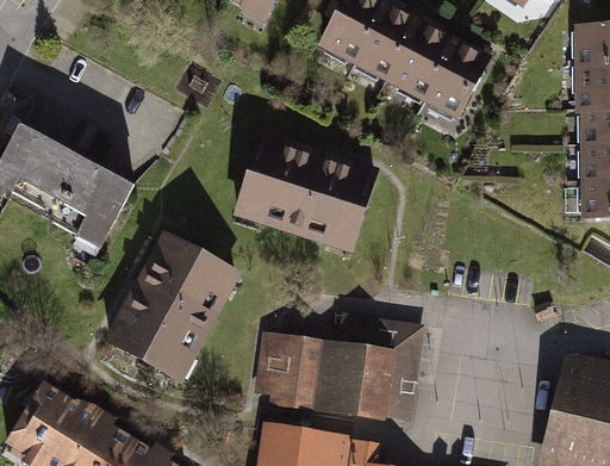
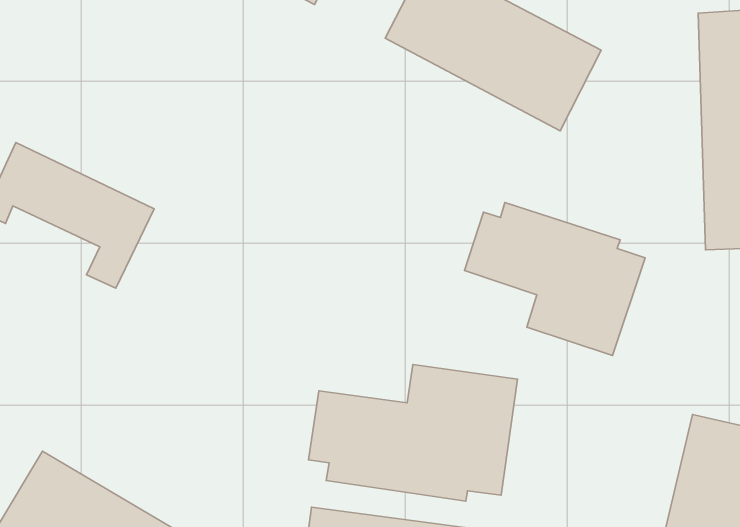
building: [229,128,381,260] -> none
building: none -> [465,203,645,355]
building: [102,230,243,384] -> none

